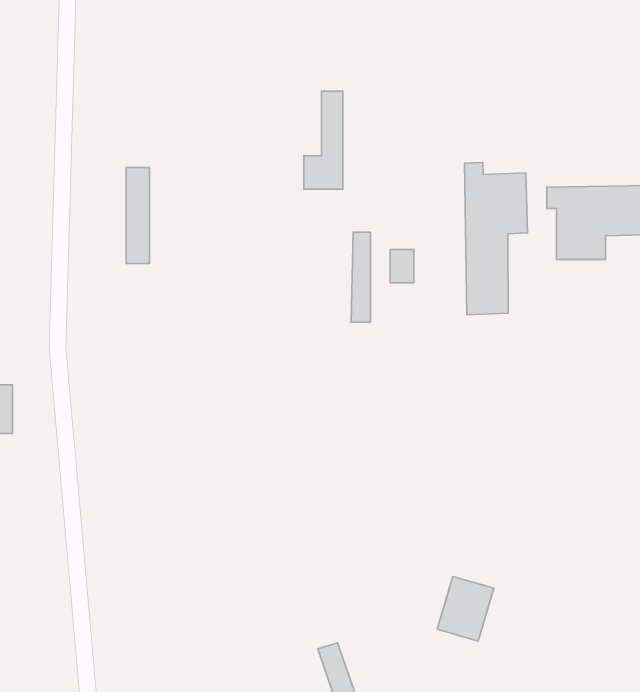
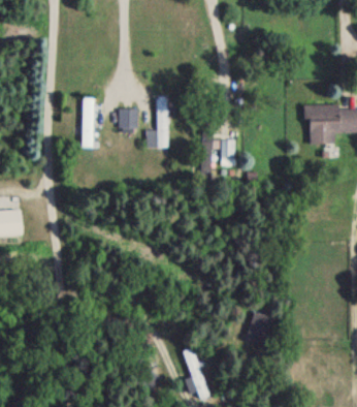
building: [304,91,343,189] -> [148,95,168,147]
building: [465,163,528,315] -> none
building: none -> [120,107,138,129]

